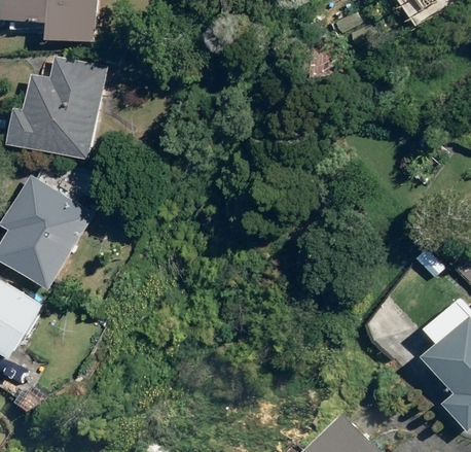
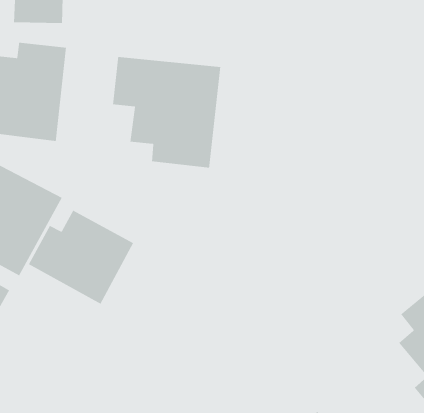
building: none -> [112,56,221,168]
building: none -> [28,209,134,305]

